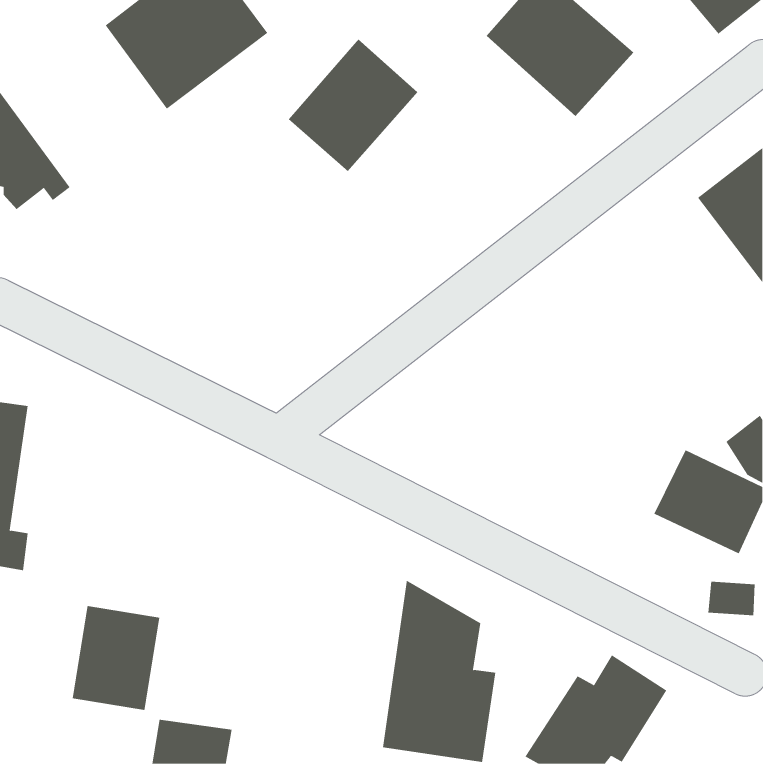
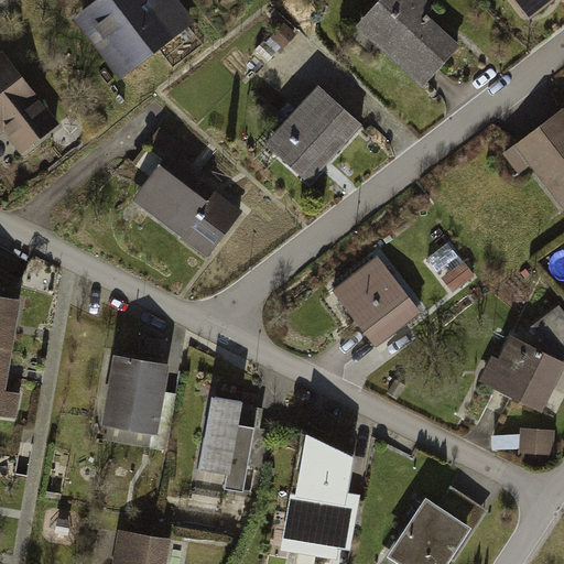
building: [288,38,418,172] -> [265,85,361,183]
building: none -> [132,153,245,257]
building: none -> [330,253,420,346]
building: none -> [194,397,265,492]
building: [72,606,160,711] -> [101,355,166,432]

